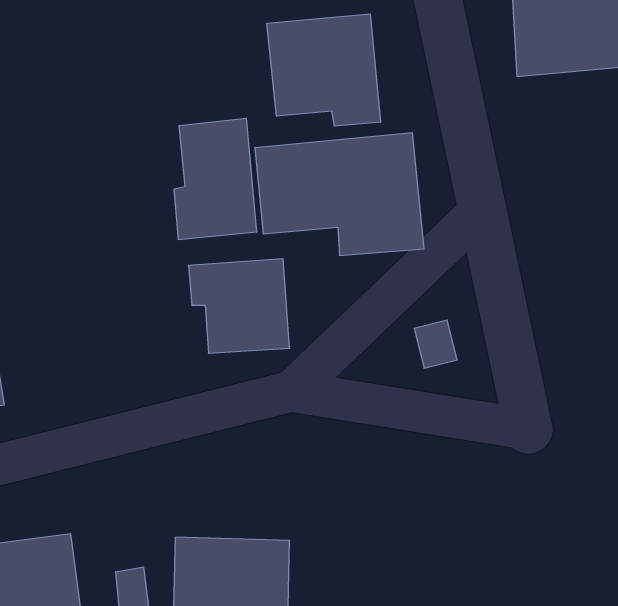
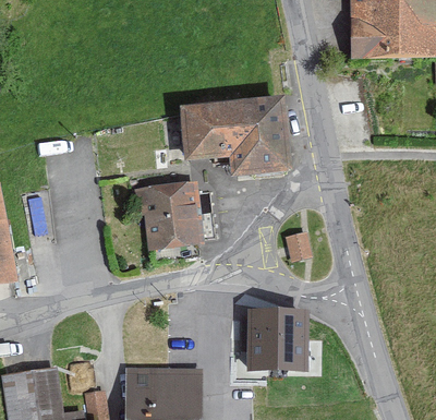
building: [267,14,380,126] -> none
building: [174,118,257,240] -> none
building: none -> [244,314,307,375]

